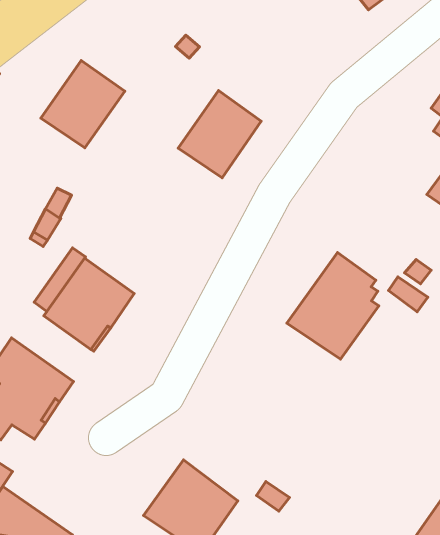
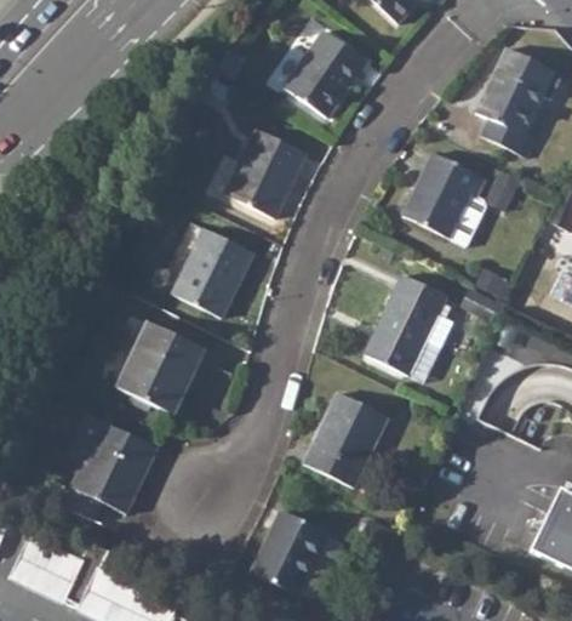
building: none -> [284,30,367,118]
building: [41,60,125,148] -> [172,228,253,317]
building: none -> [404,152,486,245]
building: none -> [304,392,389,488]

